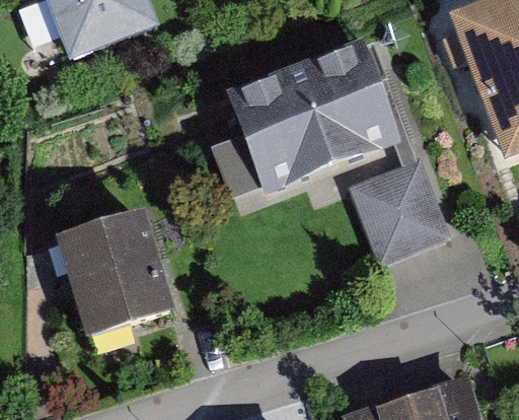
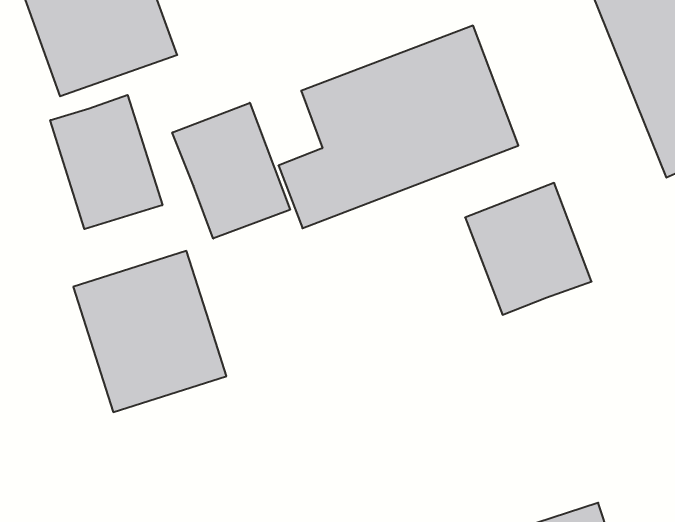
building: none -> [50,95,162,229]
building: none -> [172,103,290,239]

